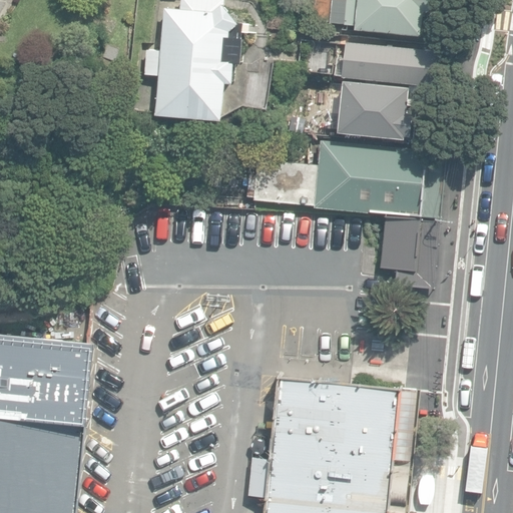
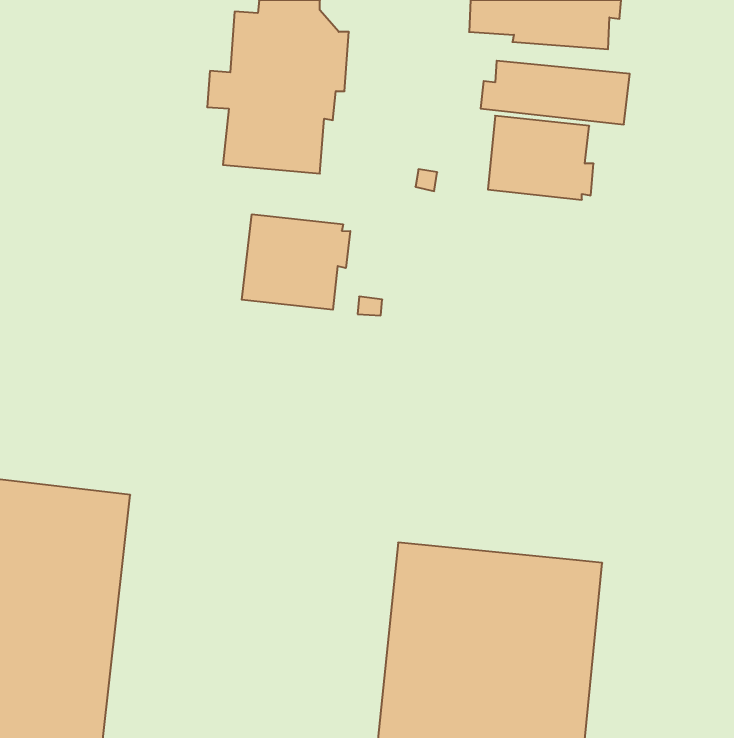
building: [243,142,442,219] -> none
building: none -> [242,214,350,310]
building: [380,220,436,290] -> none

